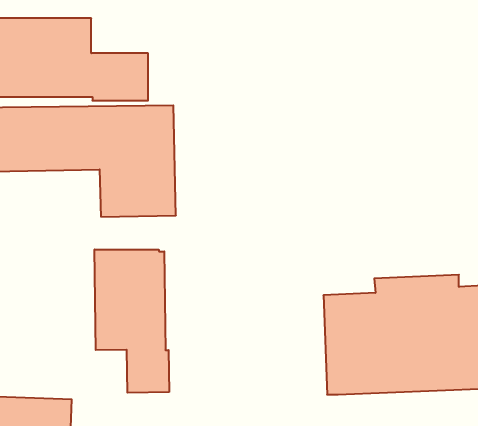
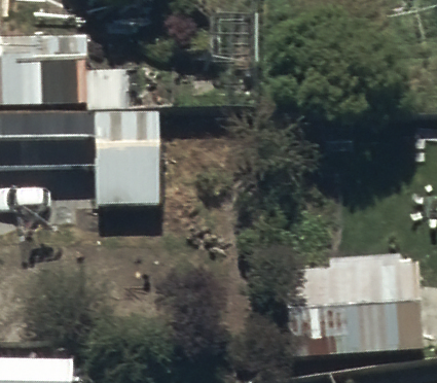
building: [95,249,169,393] -> none

